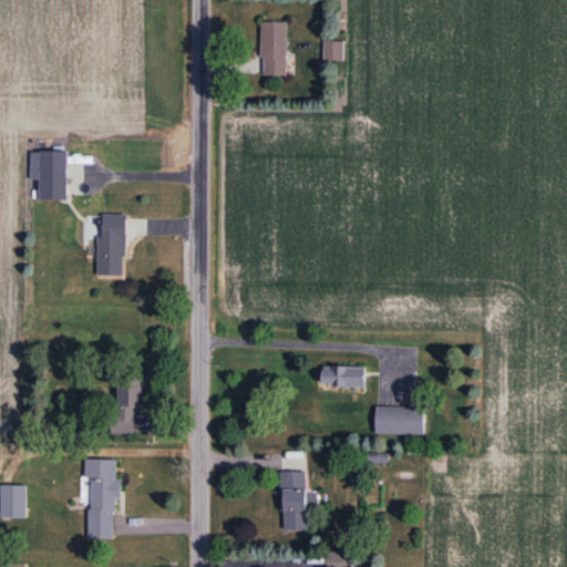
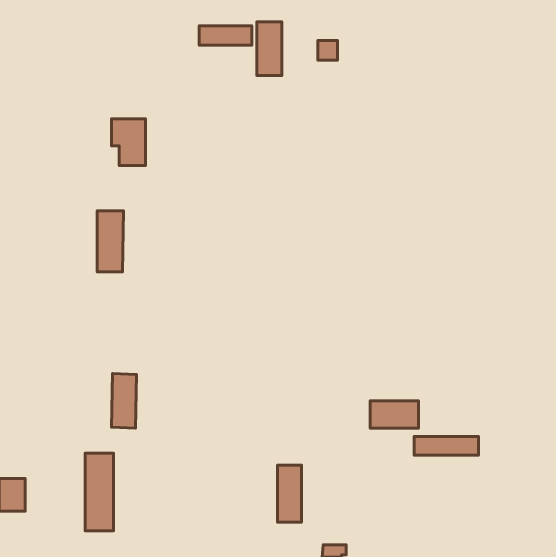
building: none -> [199,26,252,45]
building: [31,152,65,199] -> [112,119,146,166]
building: [320,367,365,386] -> none
building: none -> [414,437,479,455]

